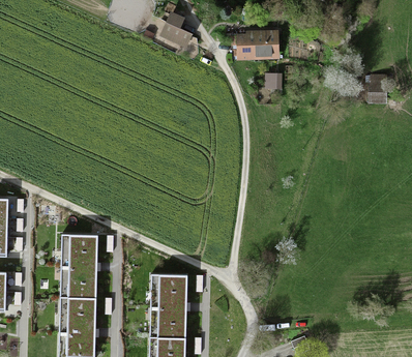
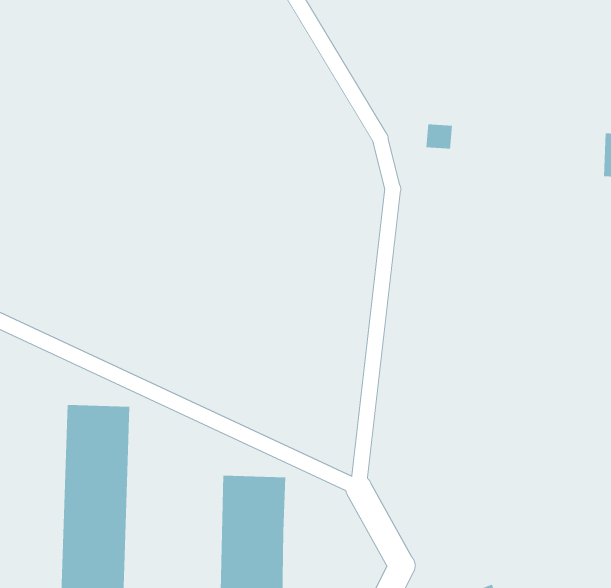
building: [165,13,196,47] -> none
building: [239,30,278,60] -> none

